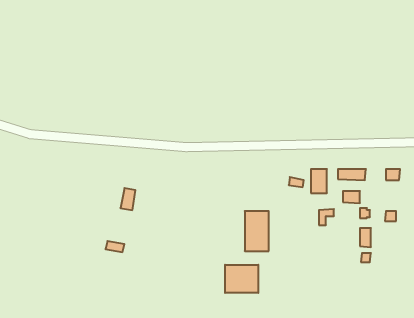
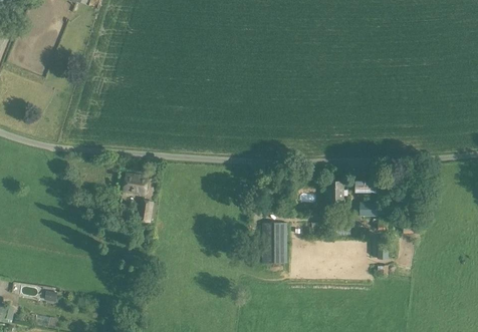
building: none -> [123,173,147,195]
building: [225,265,258,293] -> none

